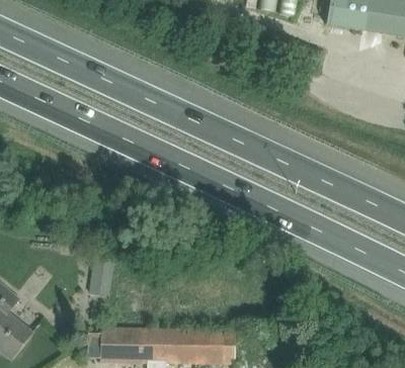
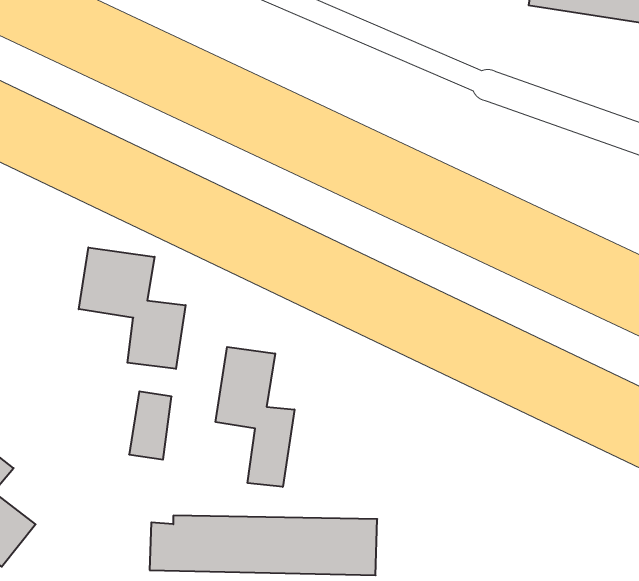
building: none -> [79,247,186,369]
building: none -> [216,347,294,487]

